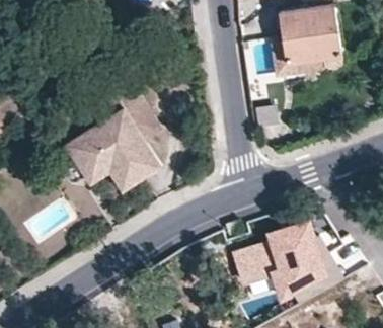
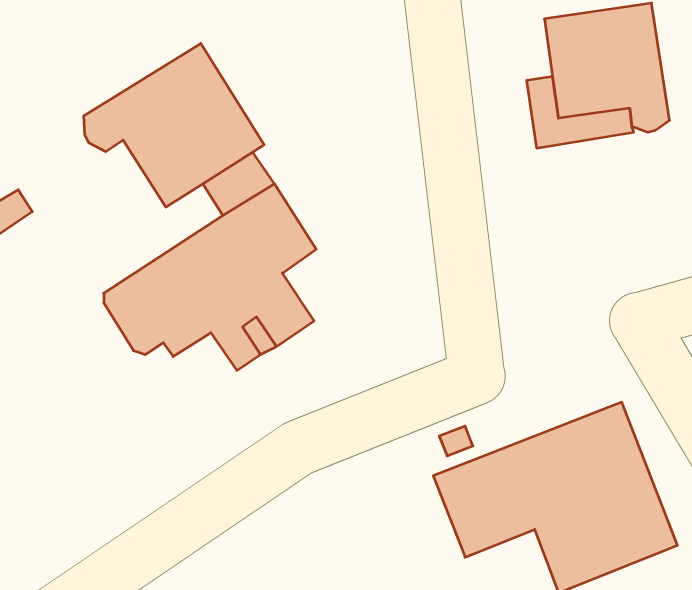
building: none -> [84,43,264,207]

